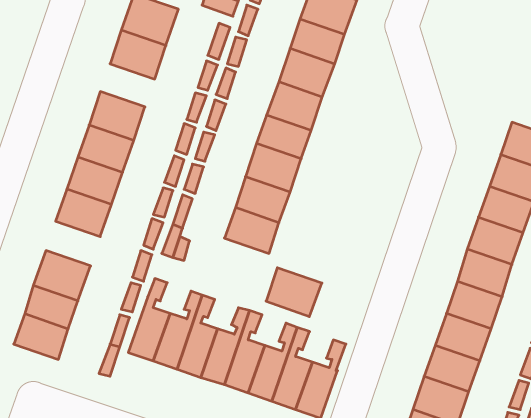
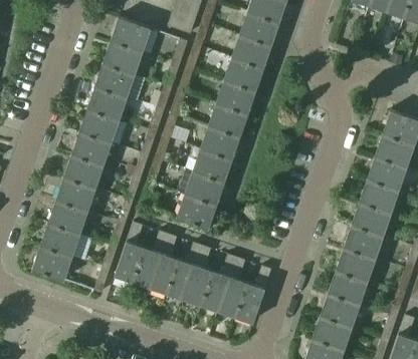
building: none -> [94,69,134,100]
building: none -> [55,183,94,215]
building: [266,268,322,317] -> [176,195,216,230]

